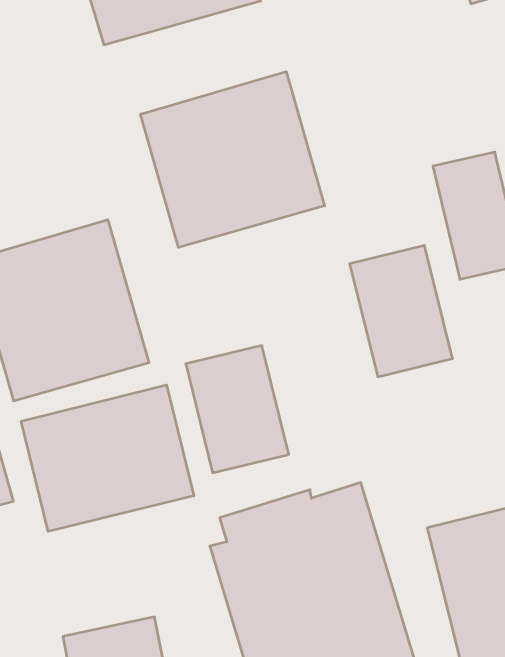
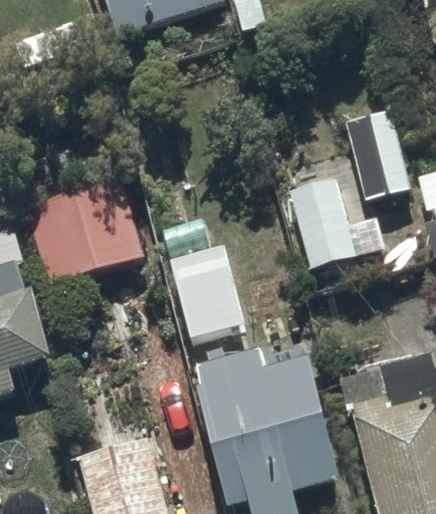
building: [141,72,325,247] -> none
building: [21,385,194,531] -> none

